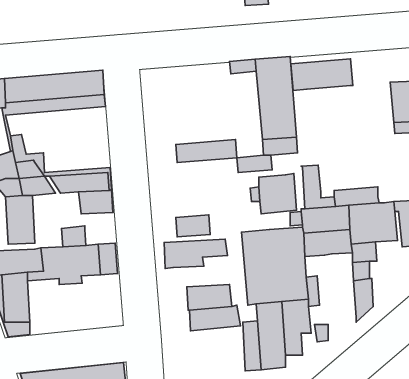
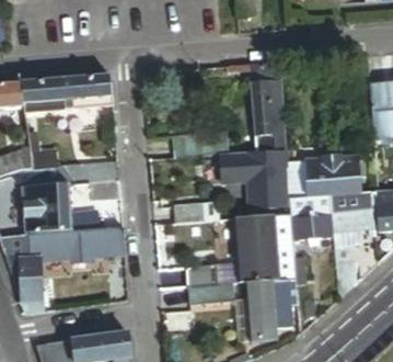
building: [291,59,353,90] -> [303,152,359,181]
building: none -> [46,182,70,227]
building: [164,239,227,268] -> none

